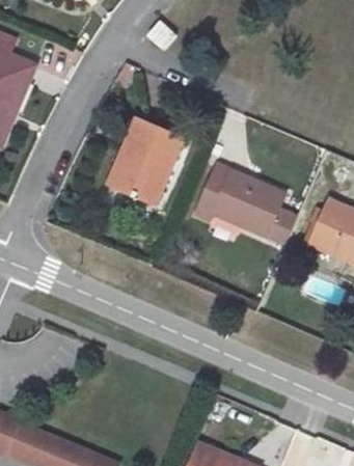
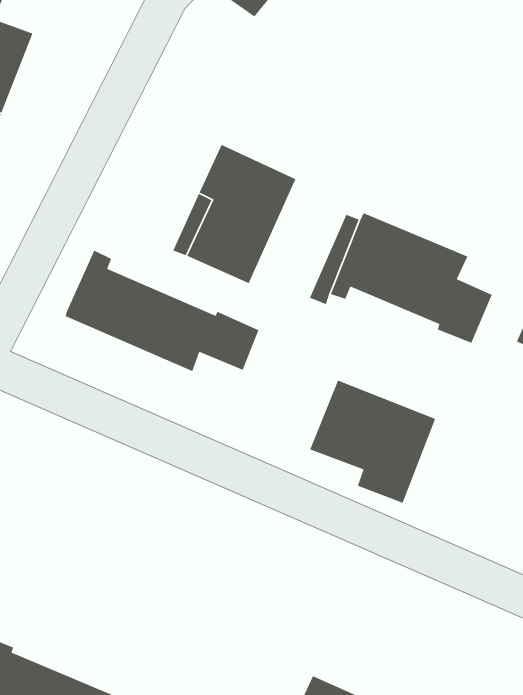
building: none -> [65,249,260,372]
building: none -> [309,379,436,504]

